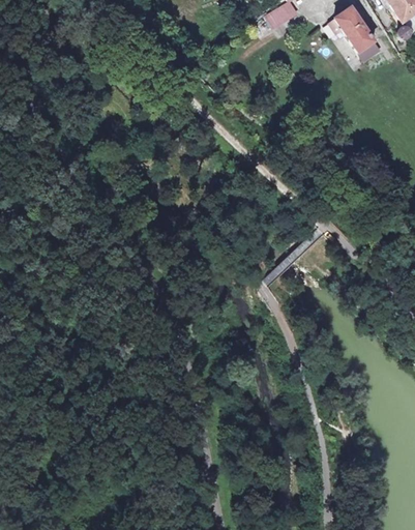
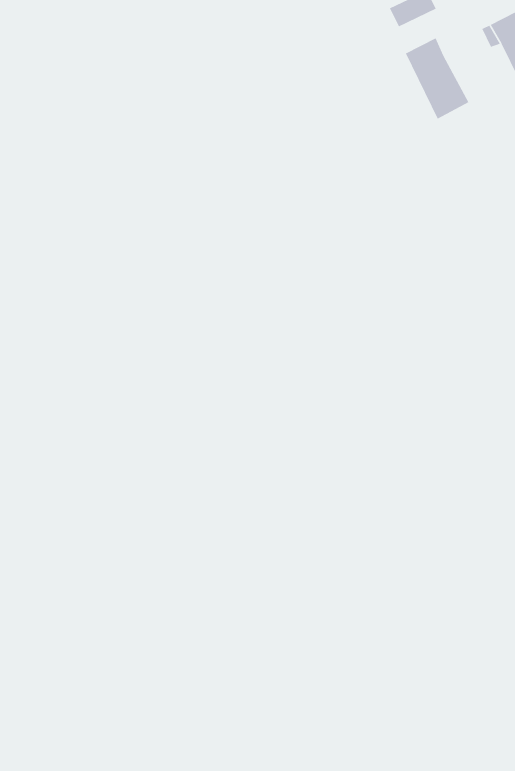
building: none -> [405,37,469,120]

